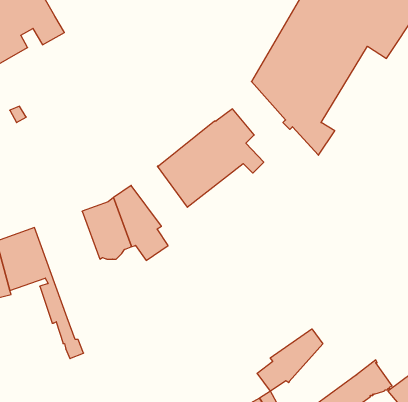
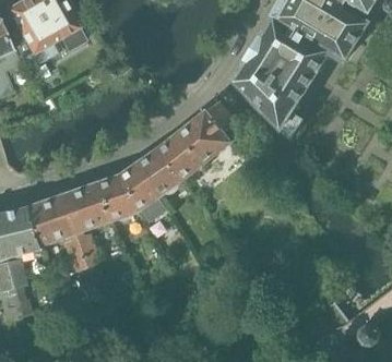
building: none -> [140,146,185,194]
building: none -> [62,182,115,285]
building: [257,329,323,391] -> none

